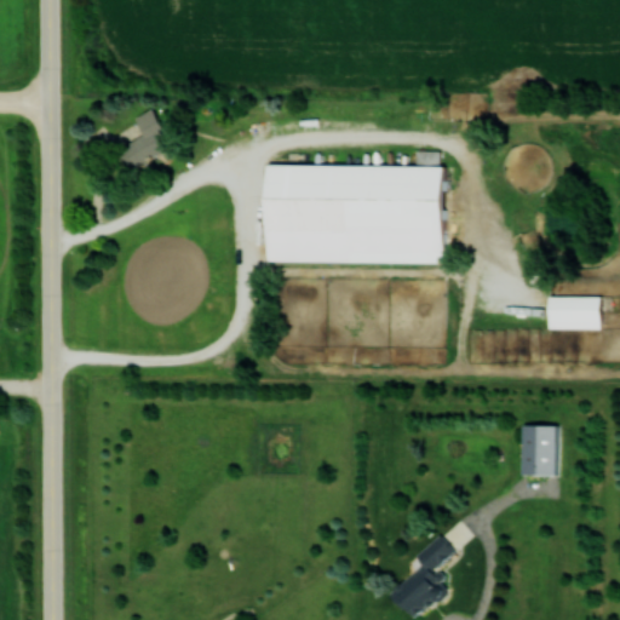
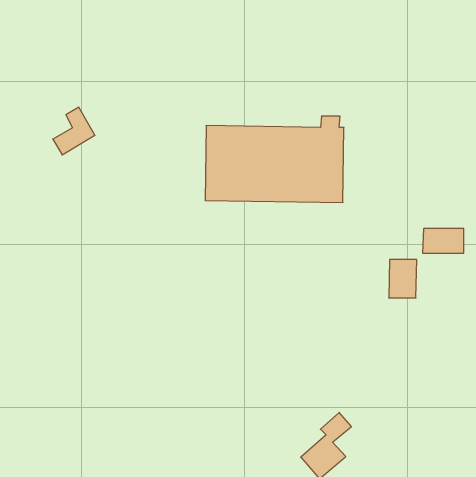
building: [116,109,171,171] -> [53,107,95,155]
building: [521,426,557,476] -> [389,260,417,298]

